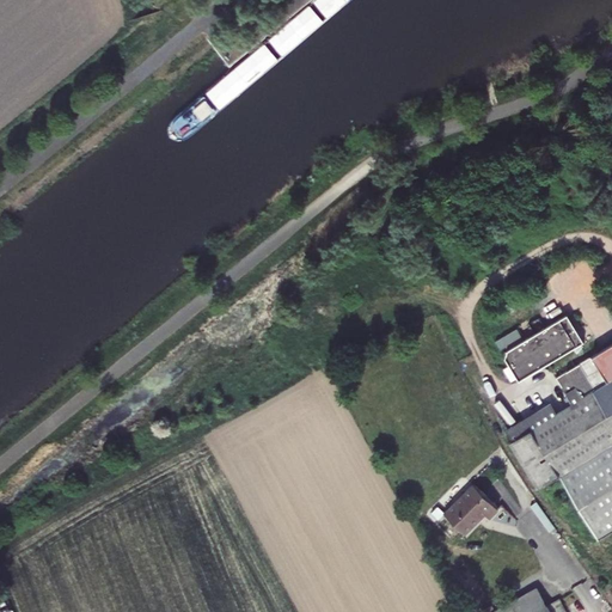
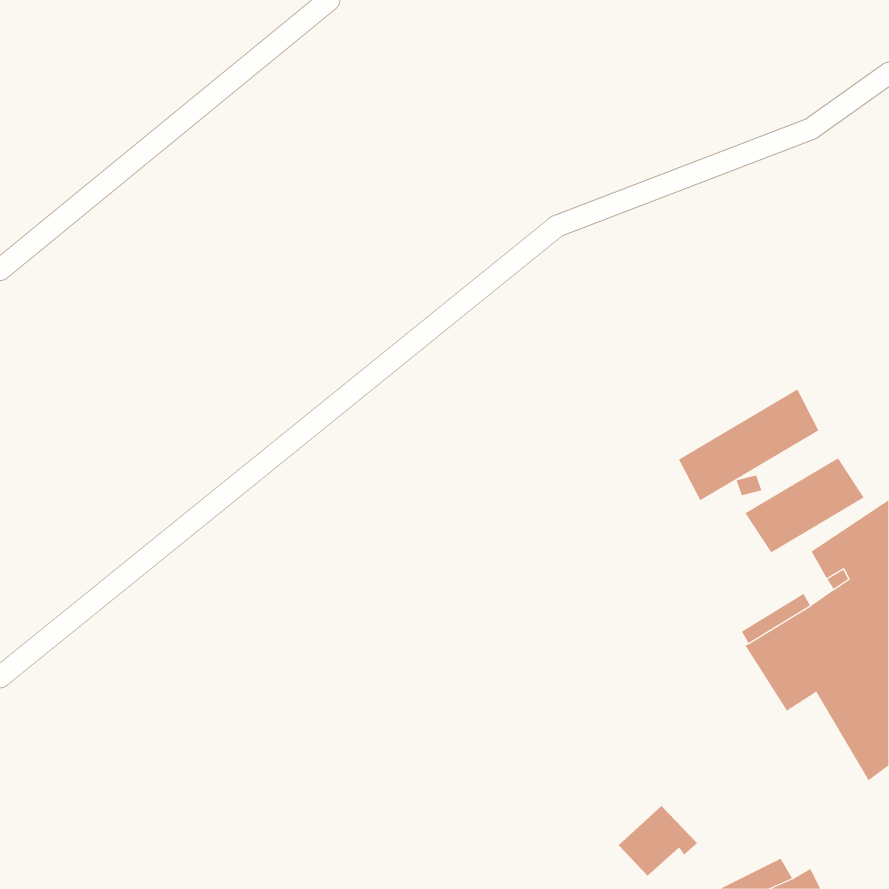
building: none -> [678,389,819,501]
building: [443,484,498,533] -> [618,805,698,876]

